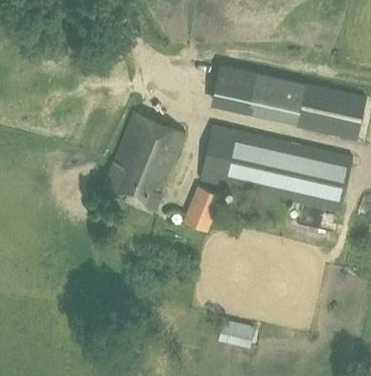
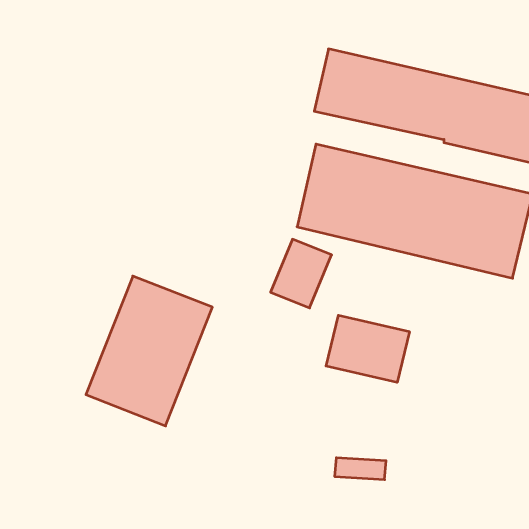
building: [104,112,186,209] -> [86,276,212,426]
building: none -> [326,315,409,382]

